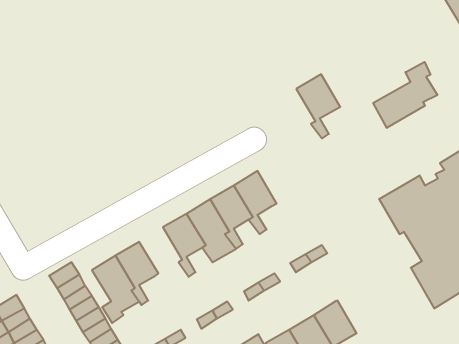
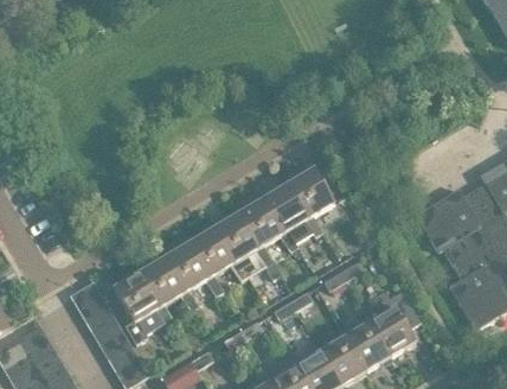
building: [373,62,437,128] -> none
building: [296,74,340,138] -> [288,168,334,236]
building: none -> [163,243,208,310]
building: none -> [360,289,421,355]

